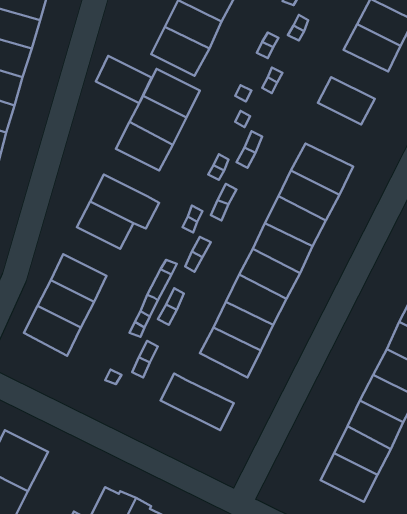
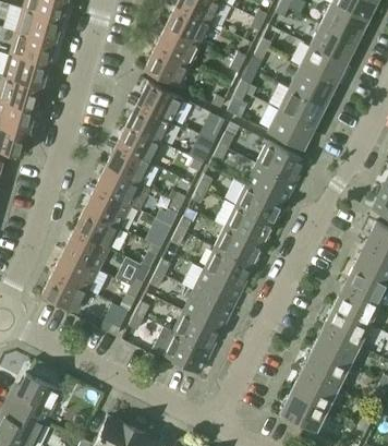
building: none -> [290,65,336,105]
building: [96,56,151,103] -> [107,145,151,183]
building: none -> [268,108,314,148]
building: none -> [74,208,120,248]
building: none -> [173,310,222,350]

